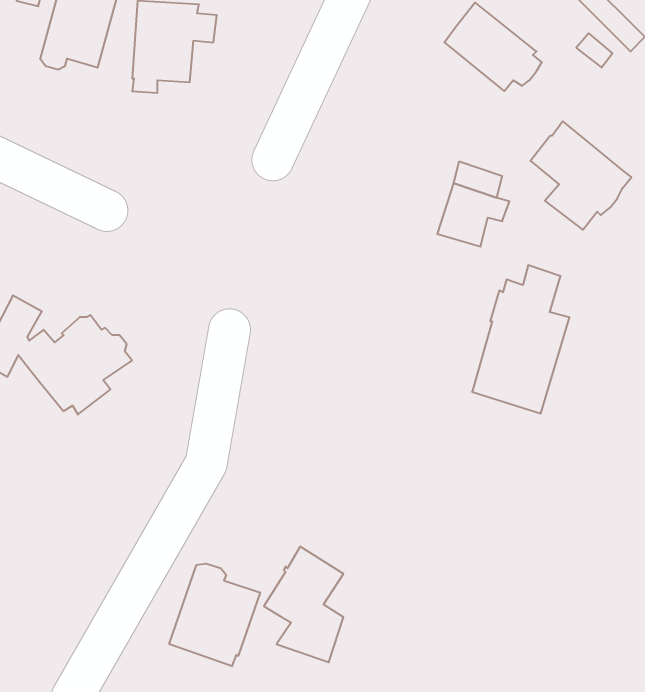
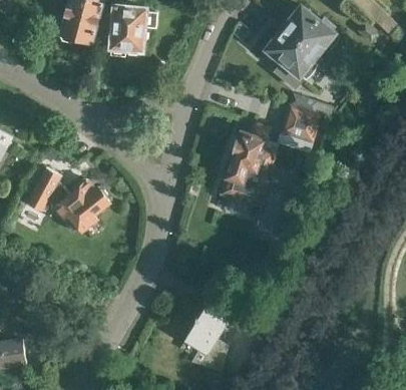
building: [530,121,631,230] -> [265,28,321,88]
building: [472,265,570,413] -> [221,122,275,205]
building: [169,563,260,666] -> none

